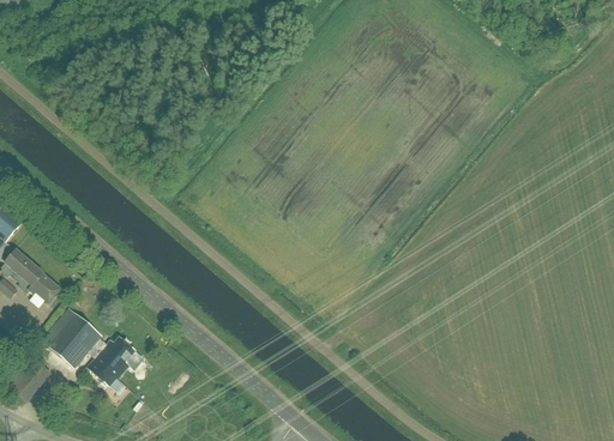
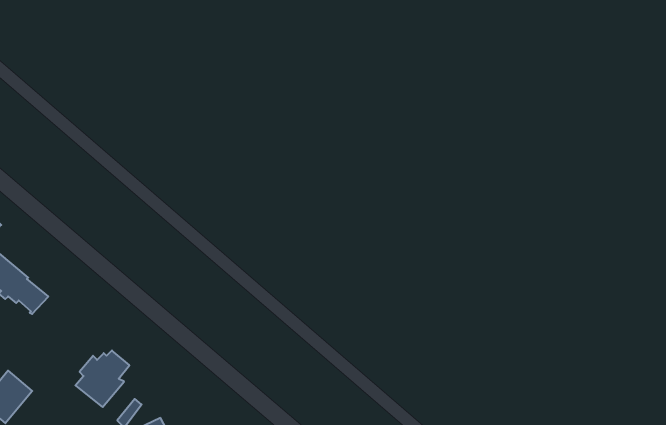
building: [46,307,103,368] -> none

